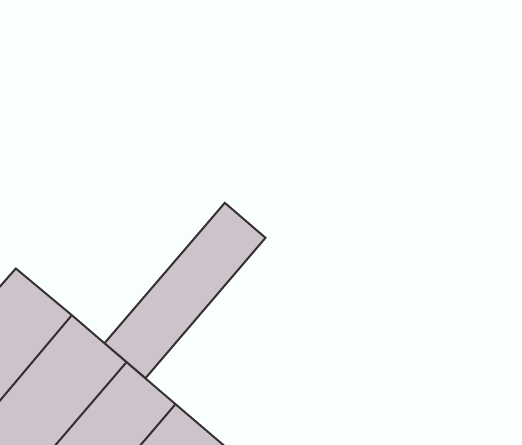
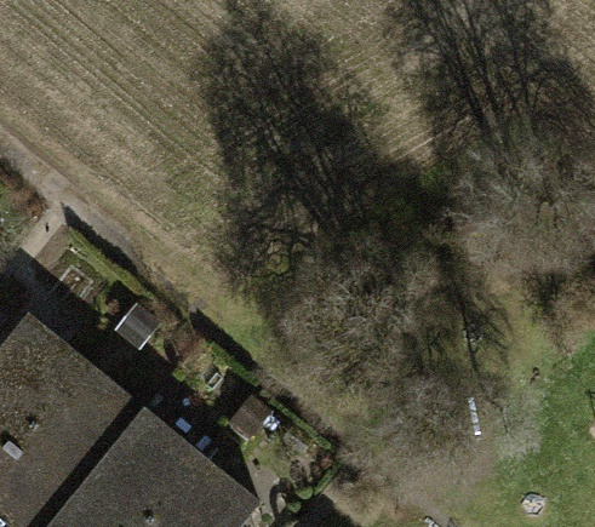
building: [104,203,266,378] -> none

